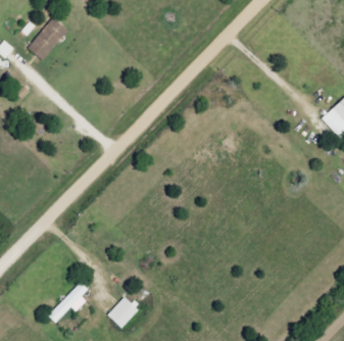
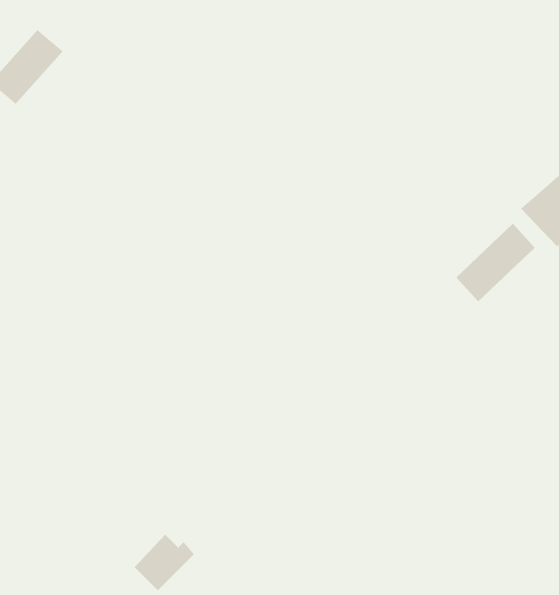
building: none -> [456,223,536,302]
building: [47,283,89,324] -> none

